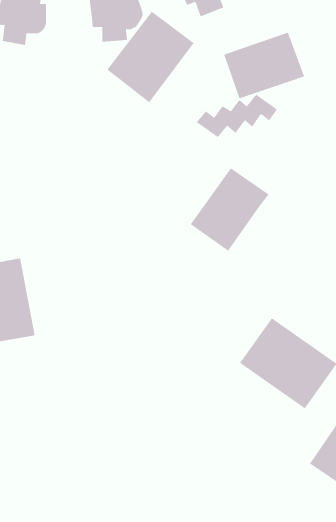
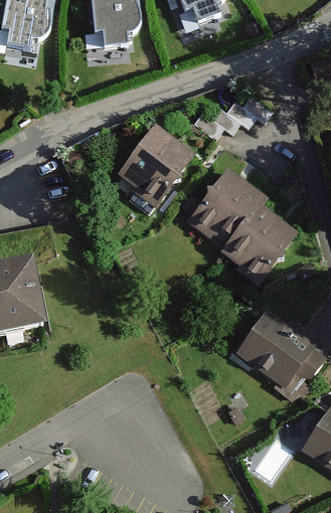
building: [106,11,195,103] -> [115,121,199,209]
building: [224,32,305,99] -> none
building: none -> [218,202,298,285]

